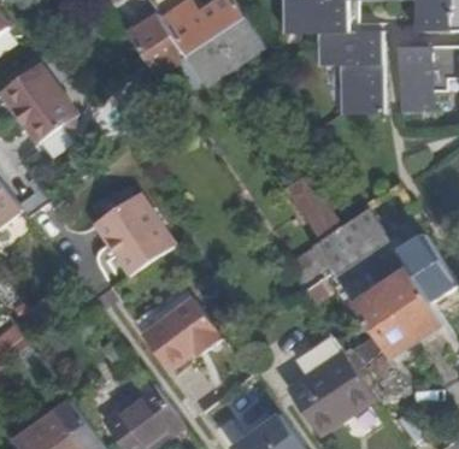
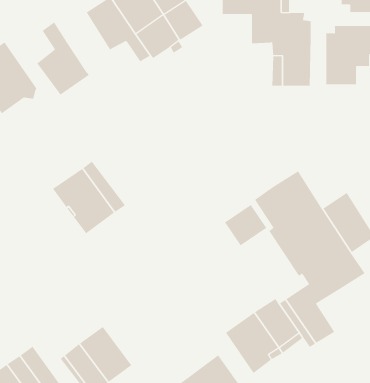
building: none -> [37,22,90,95]
building: [282,171,339,238] -> none
building: [143,295,223,366] -> none

